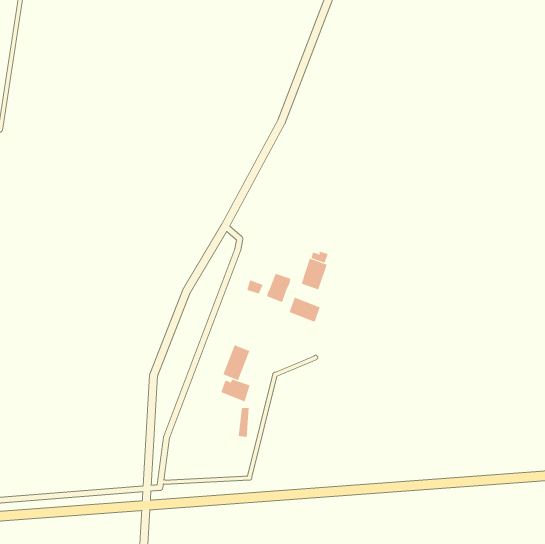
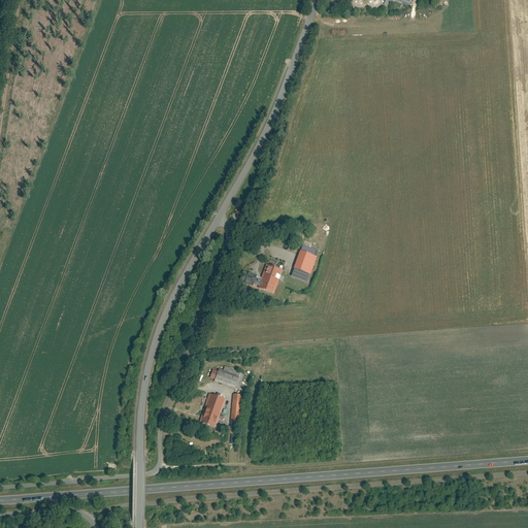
building: [289,297,320,322] -> none
building: [222,345,250,381] -> [198,392,225,427]

